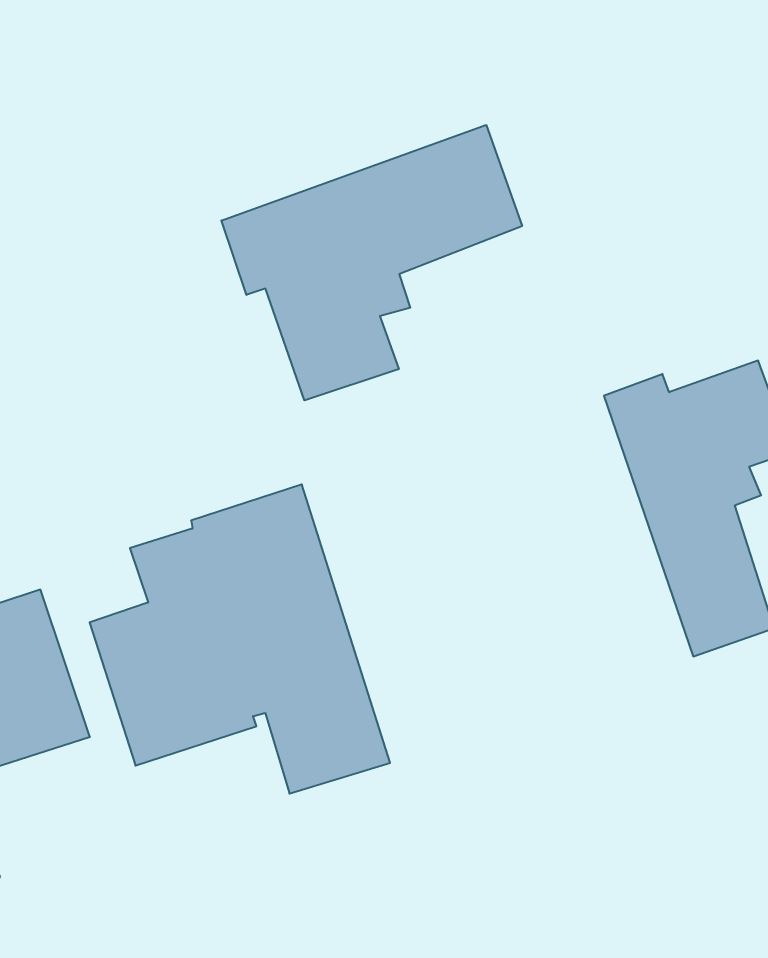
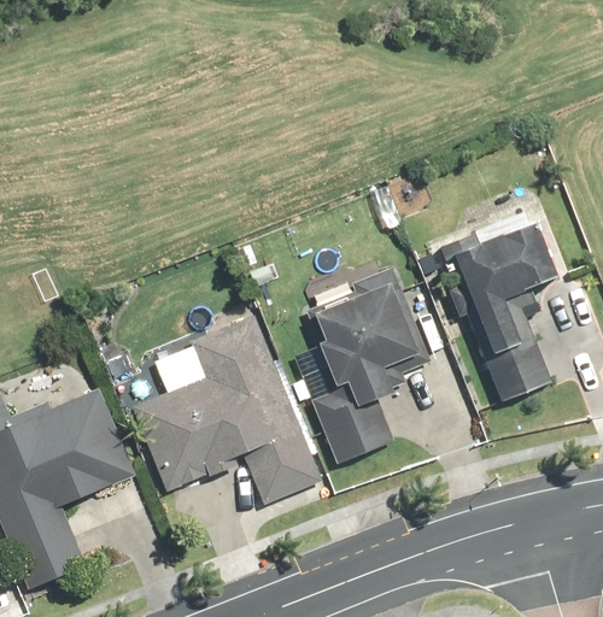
building: [221,125,522,400] -> none
building: none -> [306,265,433,465]

